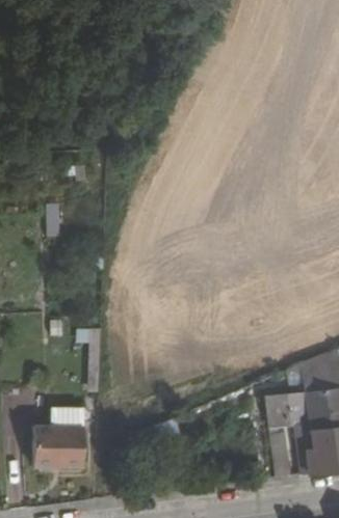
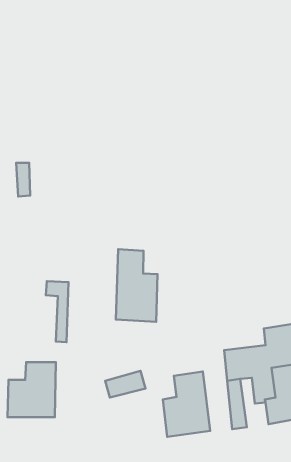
building: none -> [116,249,158,322]
building: none -> [163,371,210,437]

